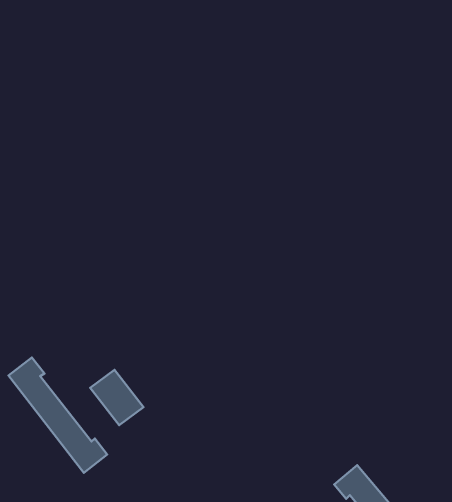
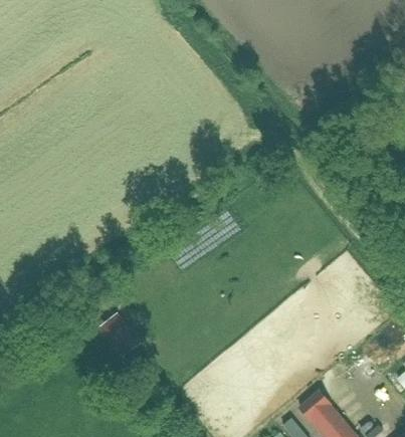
building: [9,357,107,473] -> none

